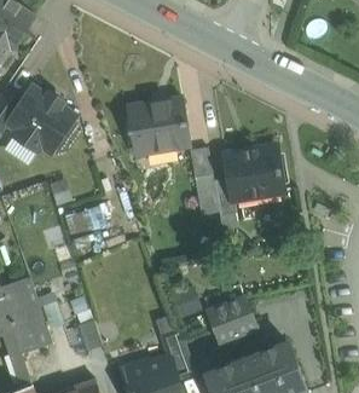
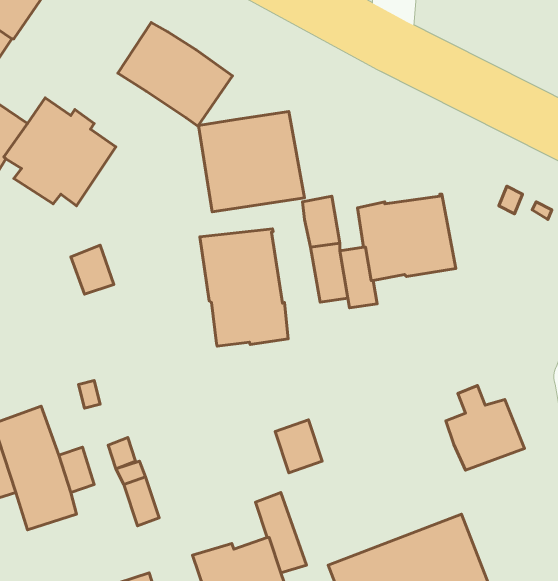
building: none -> [118,23,233,126]
building: none -> [200,229,288,346]
building: [208,289,256,341] -> [446,386,525,470]

